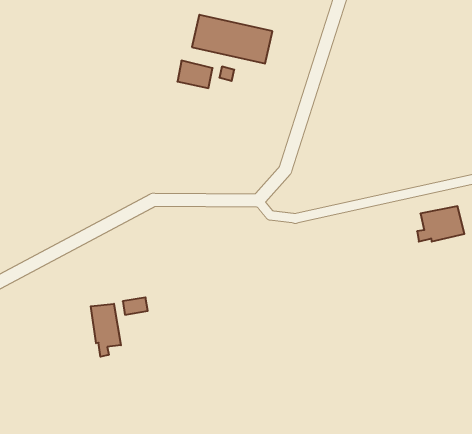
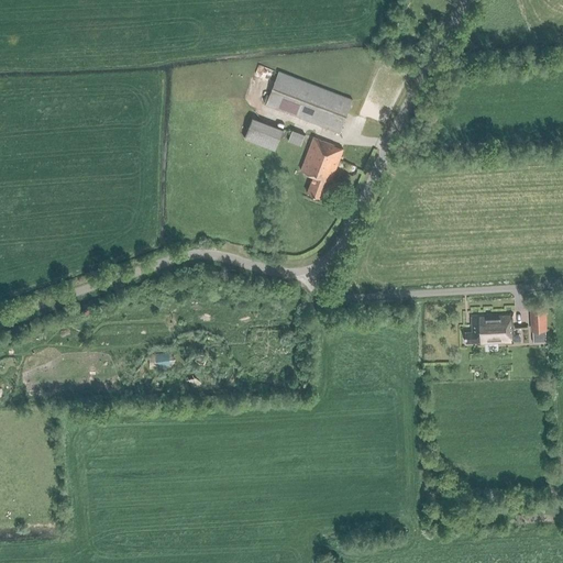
building: none -> [299,137,342,198]
building: [91,304,121,357] -> none

